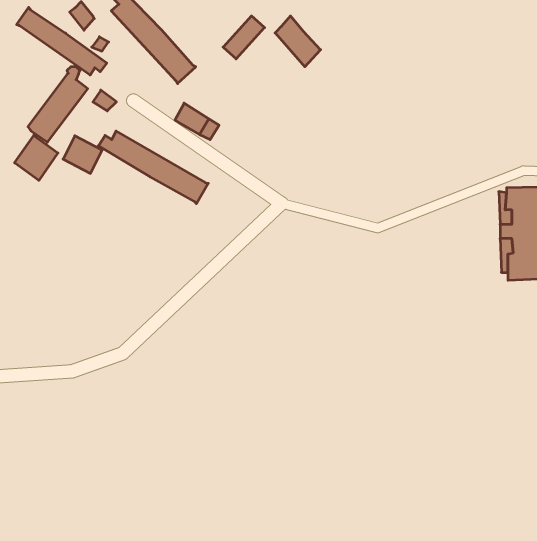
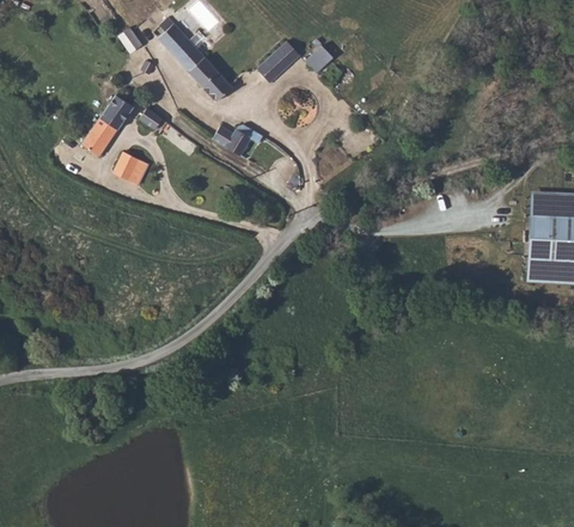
building: [17,7,107,75] -> none
building: [98,131,208,204] -> none
building: [15,135,58,180] -> none

